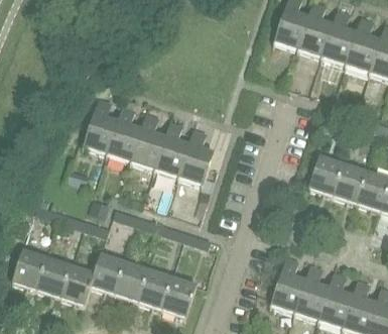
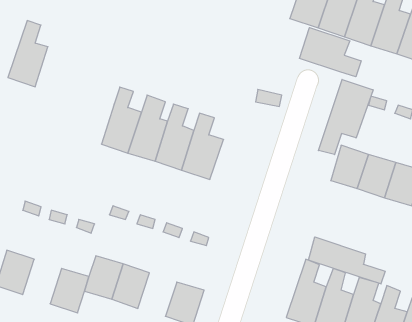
building: none -> [299,28,361,77]
building: [82,96,117,154] -> [8,21,48,87]
building: none -> [318,79,373,155]
building: none -> [308,237,385,284]
building: [36,256,71,296] -> none
building: [138,268,172,307] -> none

